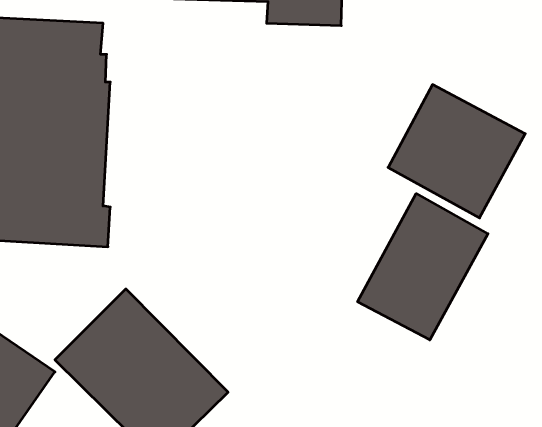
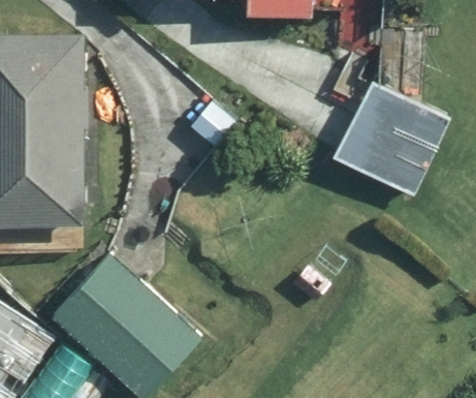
building: [358,194,488,340] -> none

